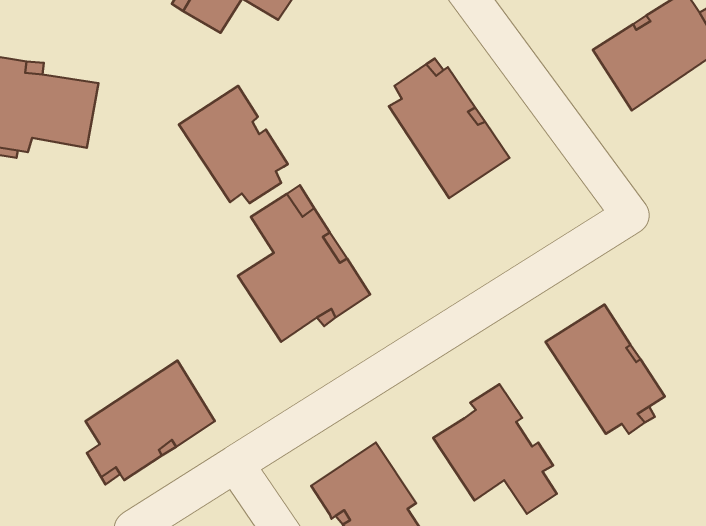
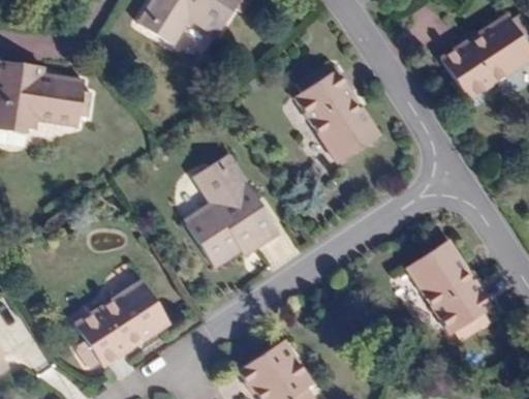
building: [179,86,288,203] -> none
building: [433,384,557,514] -> none

